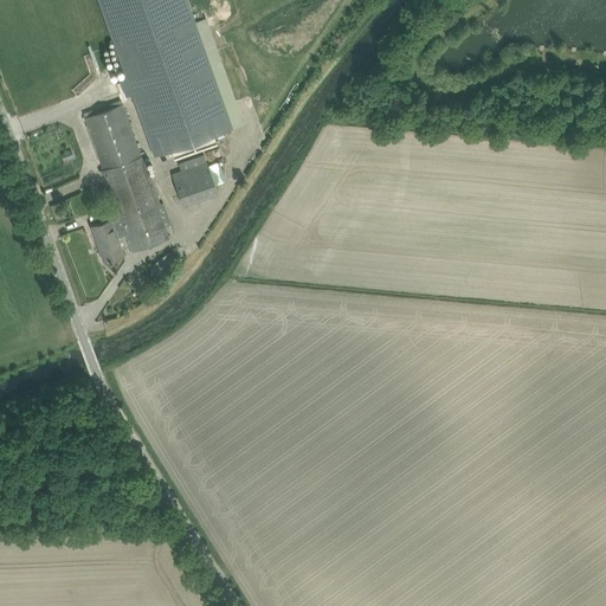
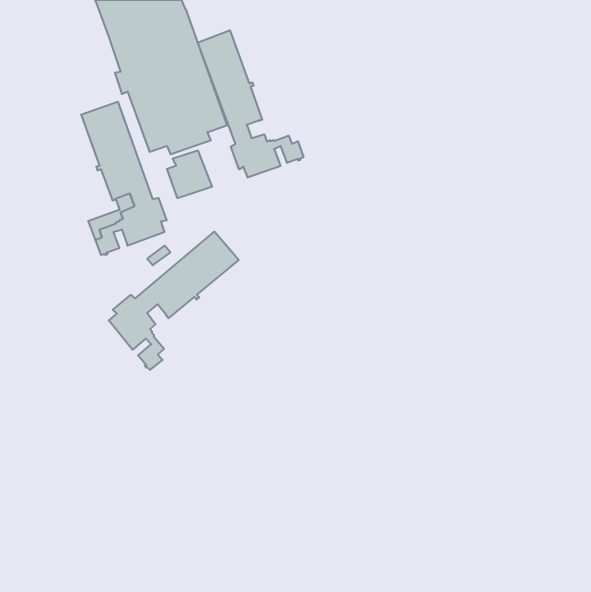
building: none -> [198,30,303,178]
building: none -> [109,232,239,370]

